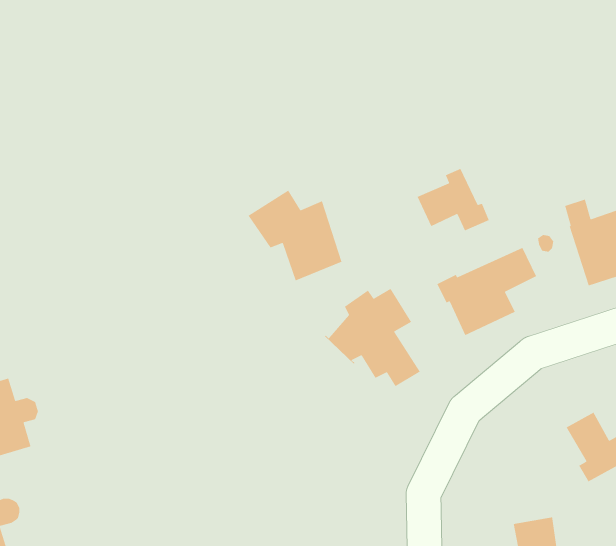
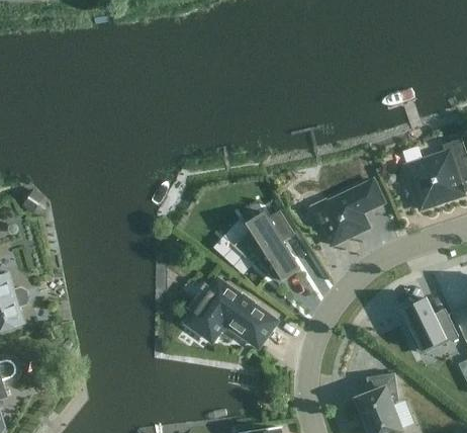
building: [417,168,490,232] -> none
building: [247,190,342,282] -> none
building: none -> [187,281,275,346]

